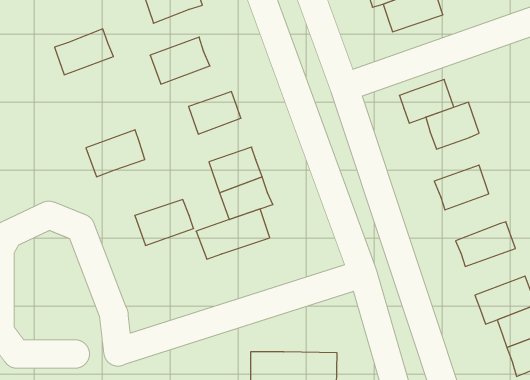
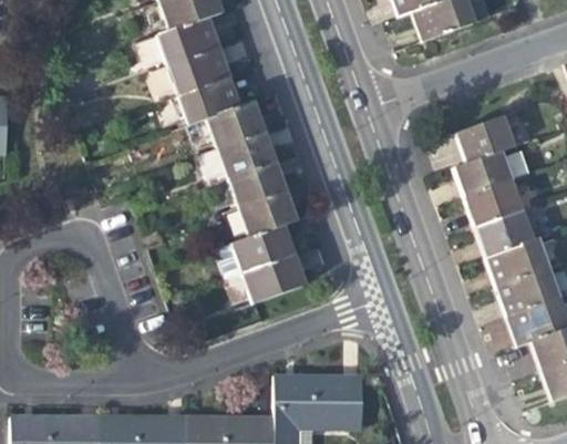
building: [55,29,113,75] -> [161,18,221,65]
building: [399,79,454,123] -> [455,151,512,196]
building: none -> [220,131,276,176]
building: [86,130,145,177] -> [182,76,243,125]
building: none -> [476,209,533,258]
building: [135,200,194,245] -> [245,255,306,302]
building: none -> [497,266,559,314]

